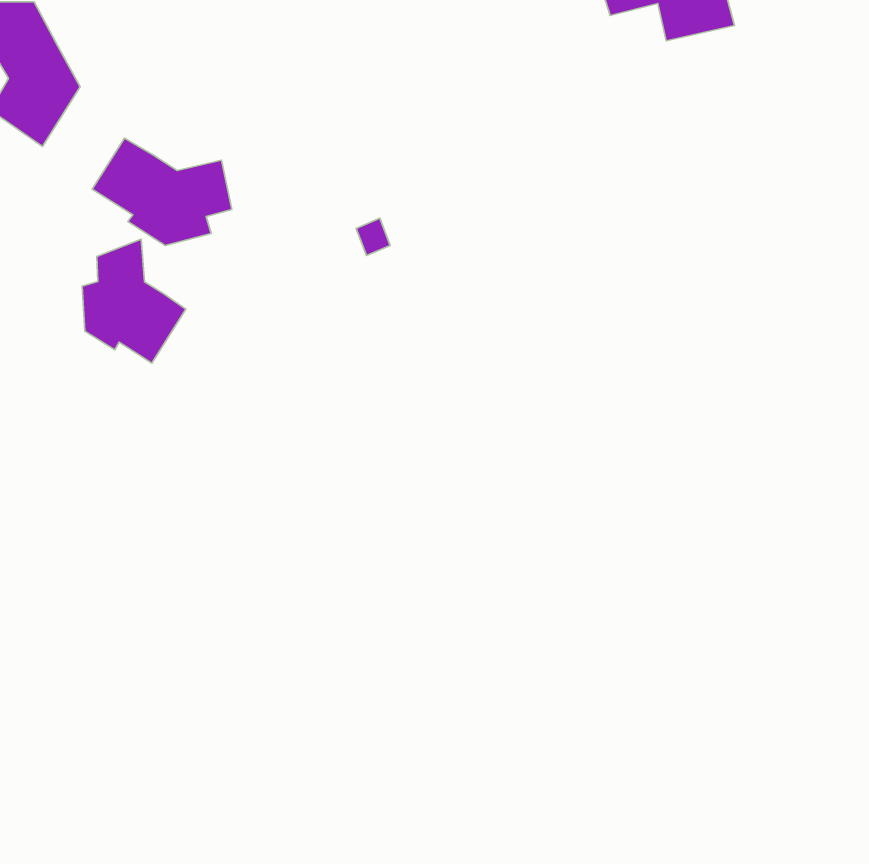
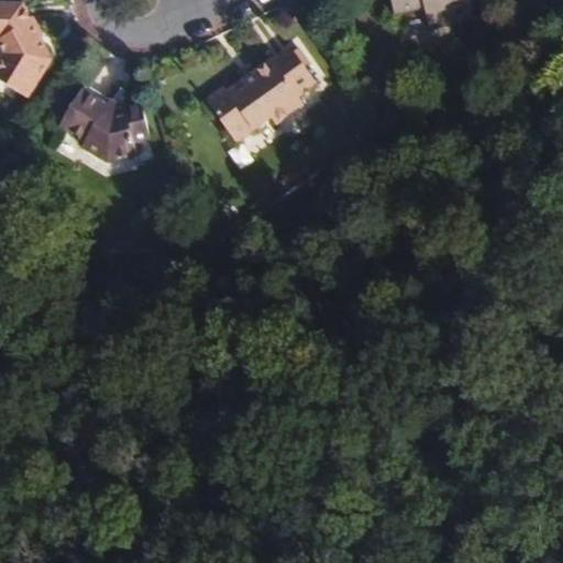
building: none -> [207,44,316,140]
building: [82,239,186,363] -> none

